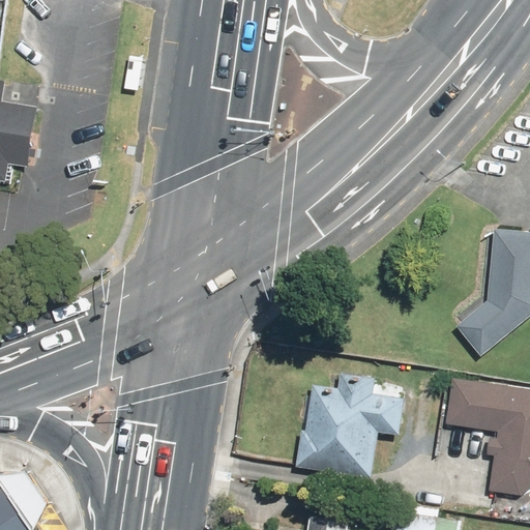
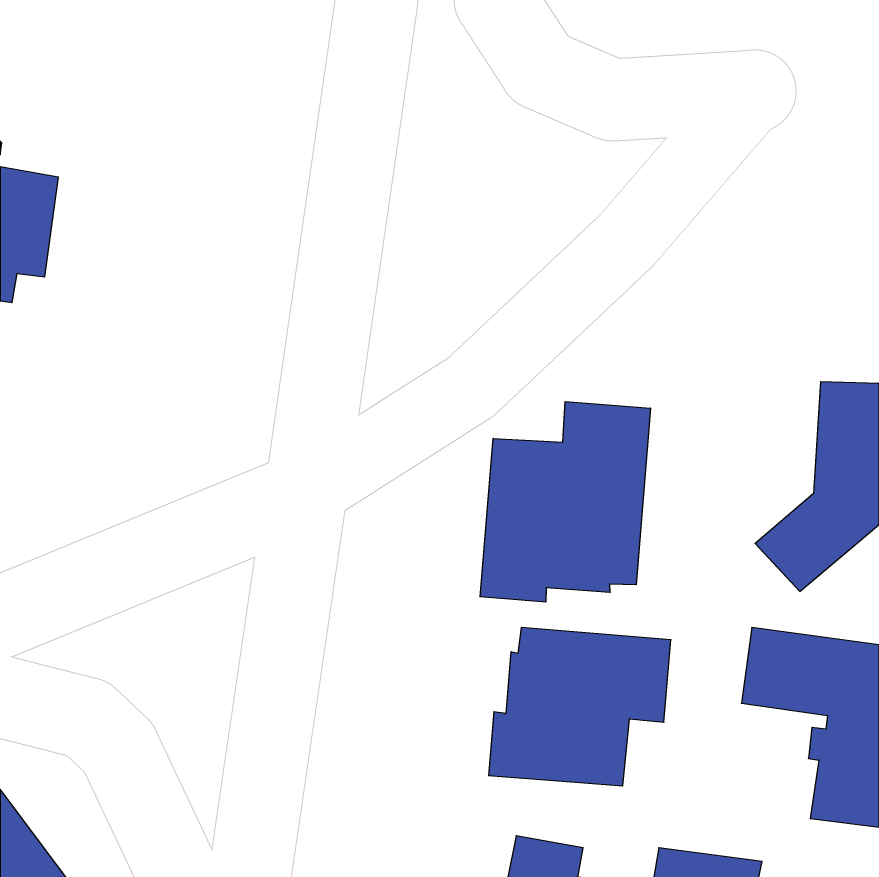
building: none -> [480,402,650,602]

